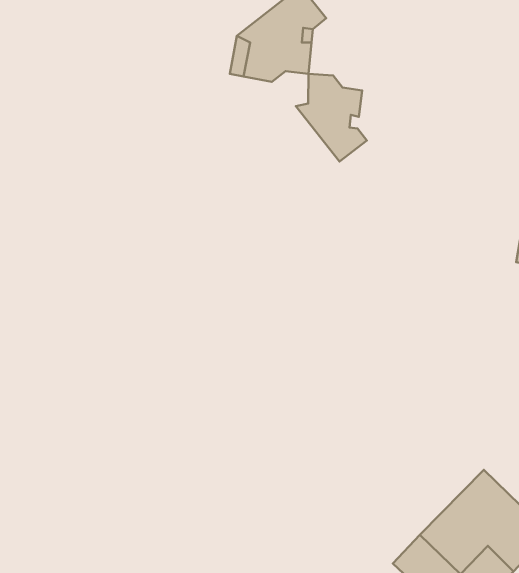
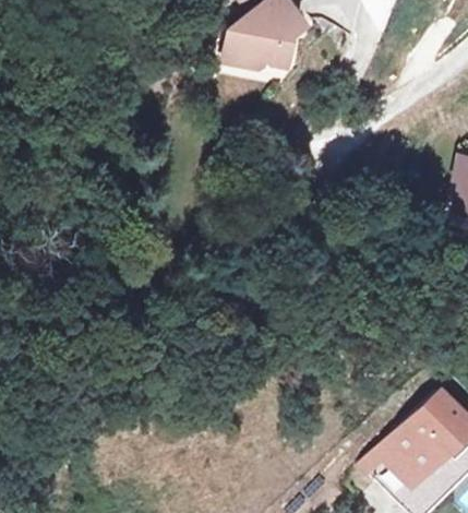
building: [296,74,367,162] -> none

